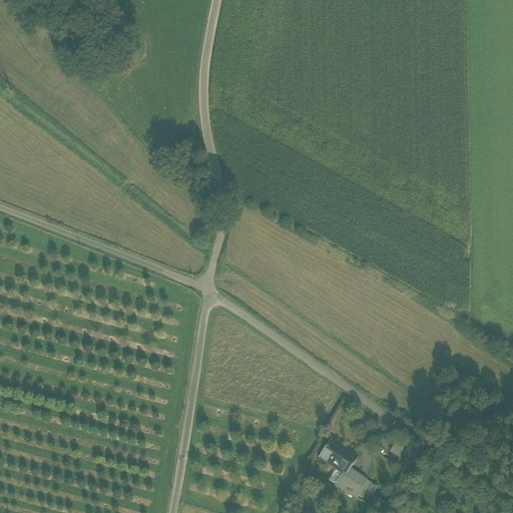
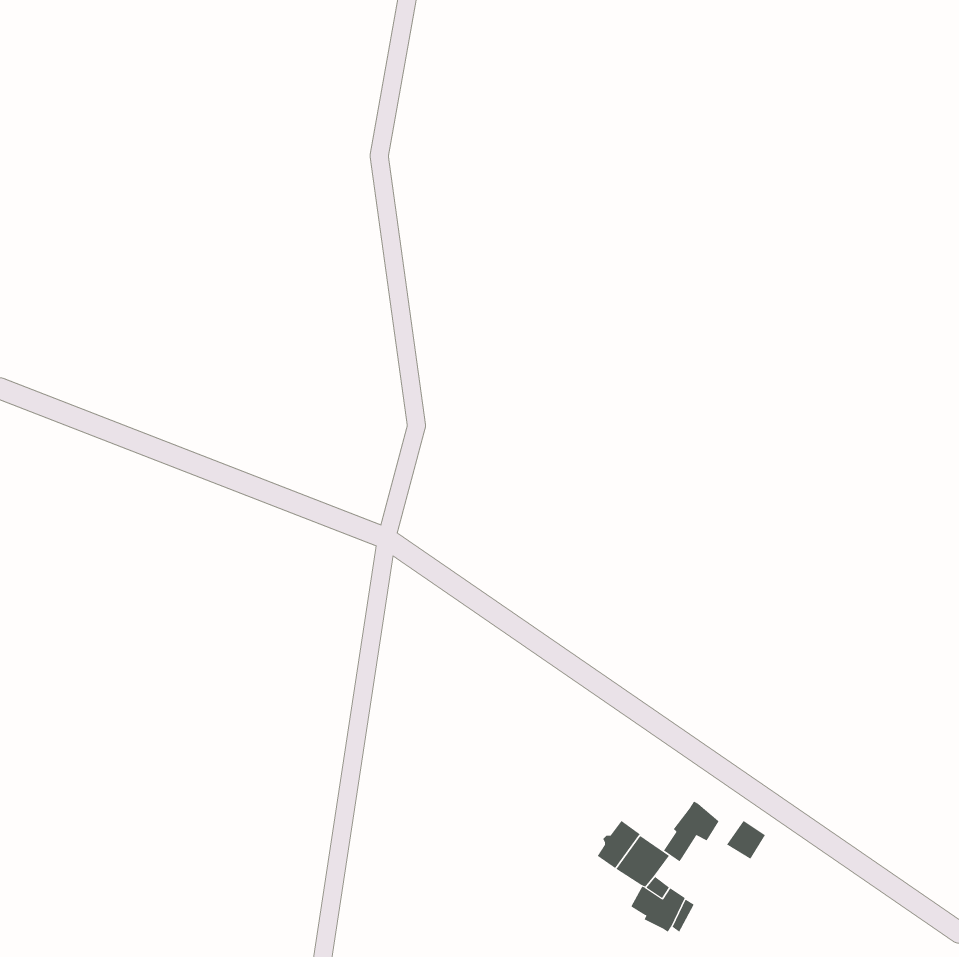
building: none -> [663,801,721,862]

